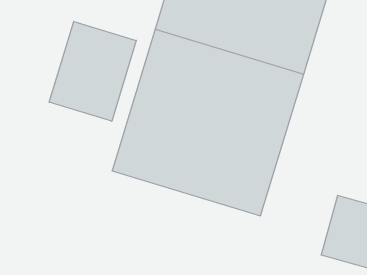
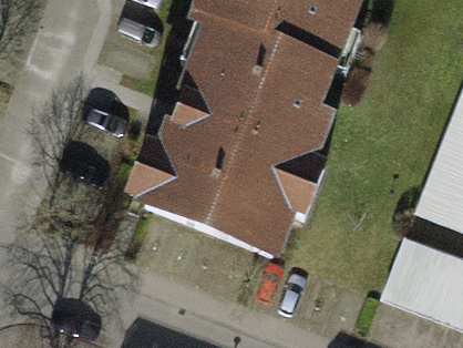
building: [49,21,136,121] -> none

